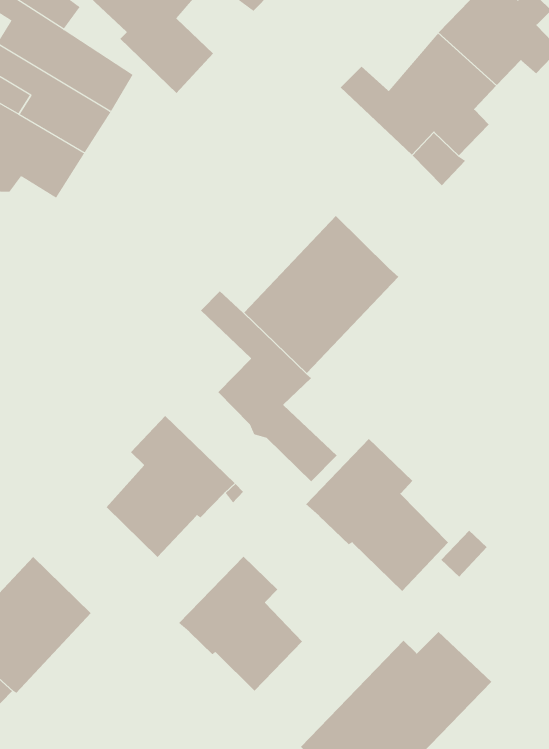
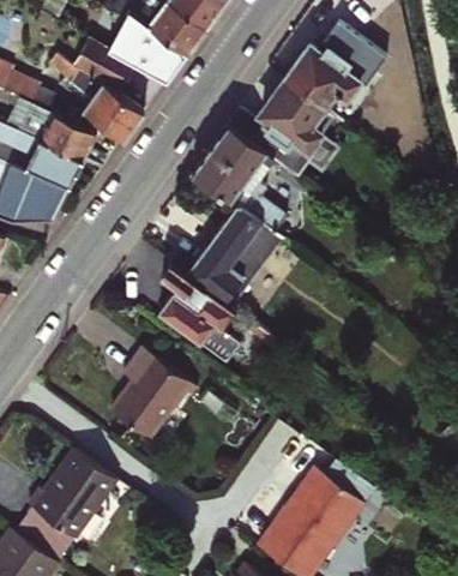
building: none -> [192,125,285,235]
building: [305,438,449,592] -> none
building: [178,556,303,691] -> none

